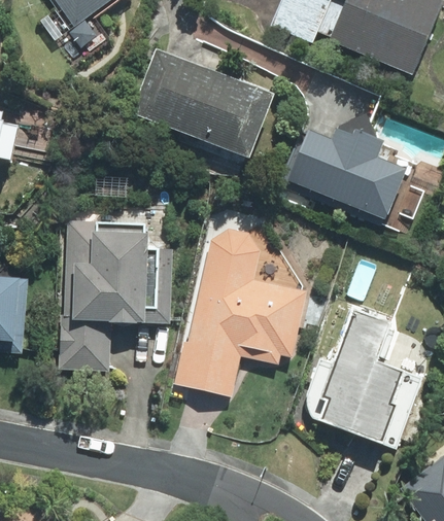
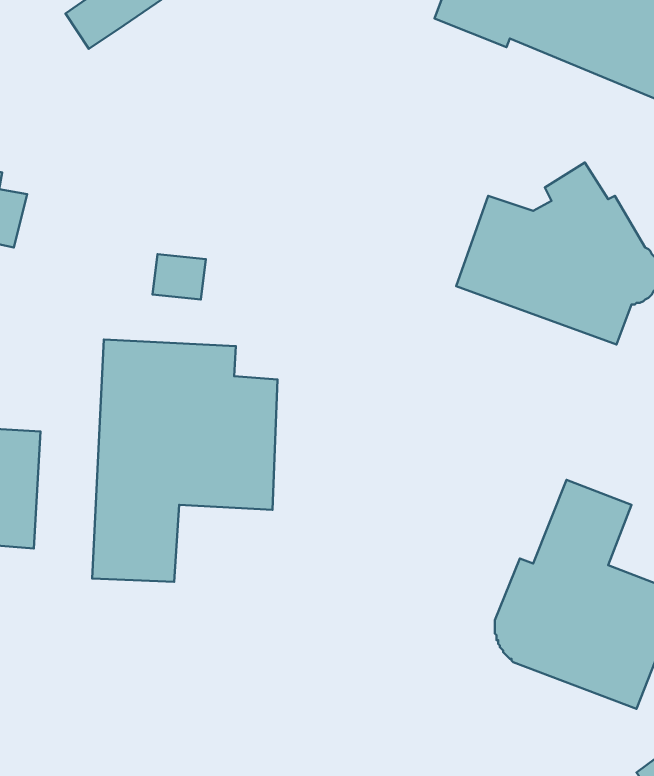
building: [129,47,272,161] -> none
building: [175,225,305,394] -> none

